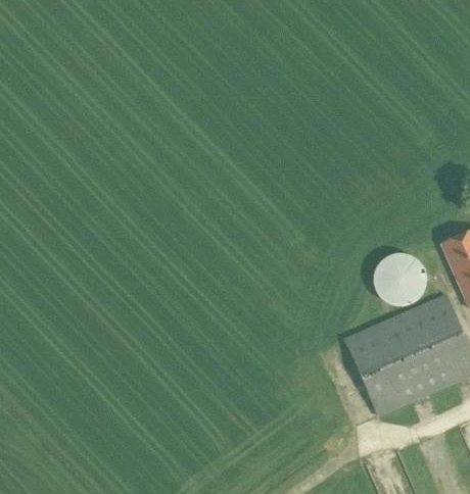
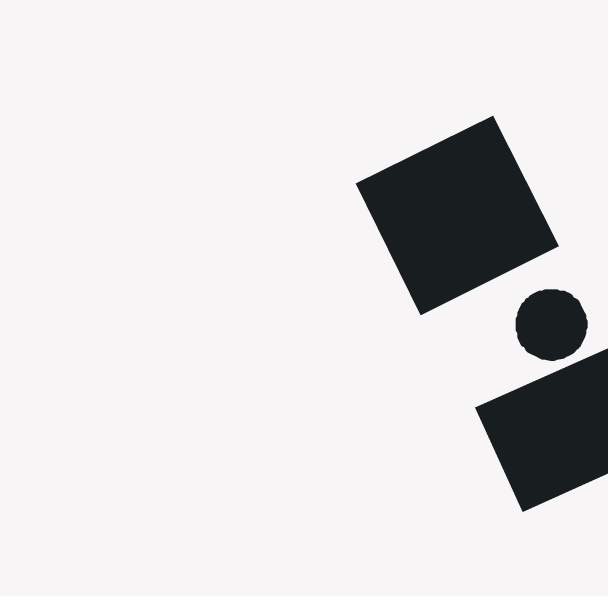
building: none -> [354,114,560,317]

